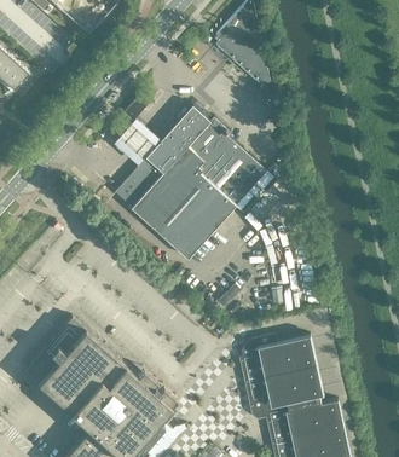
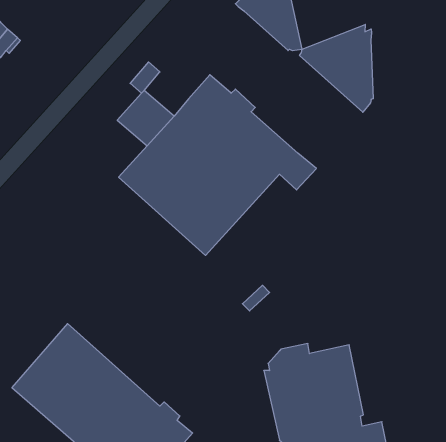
building: none -> [300,24,373,112]

